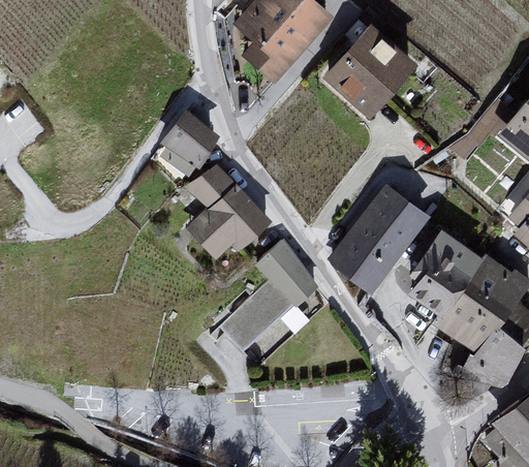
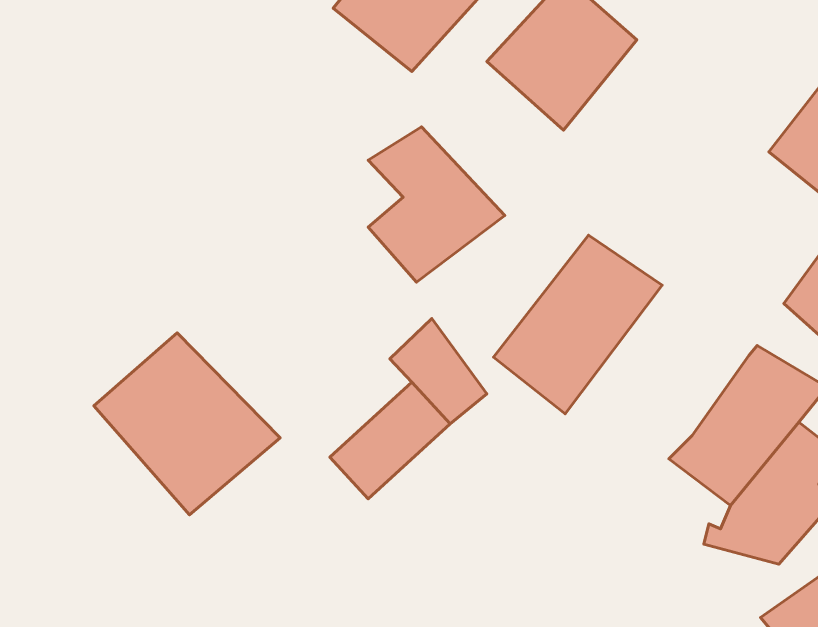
building: [162,113,219,168] -> none
building: [186,165,271,261] -> [368,127,505,282]
building: [410,232,484,309] -> none
building: none -> [94,333,280,515]

